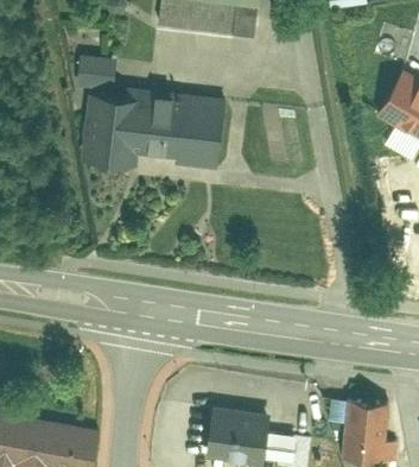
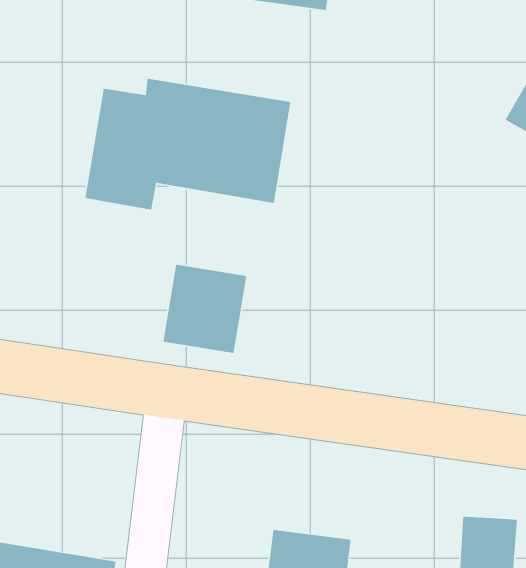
building: [78,57,118,90] -> none
building: none -> [163,264,247,354]

